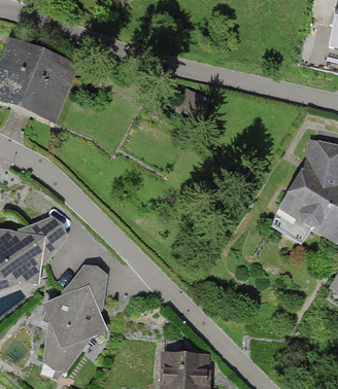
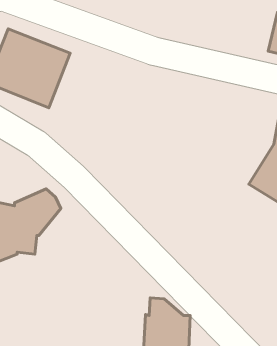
building: [42,264,108,374] -> none

